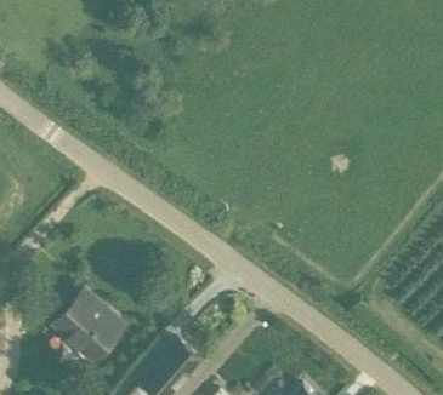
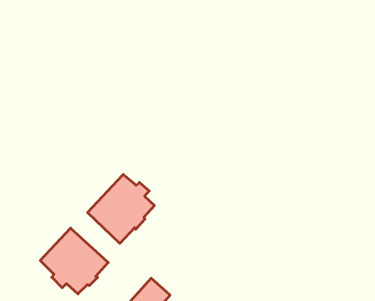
building: none -> [88,174,154,243]

